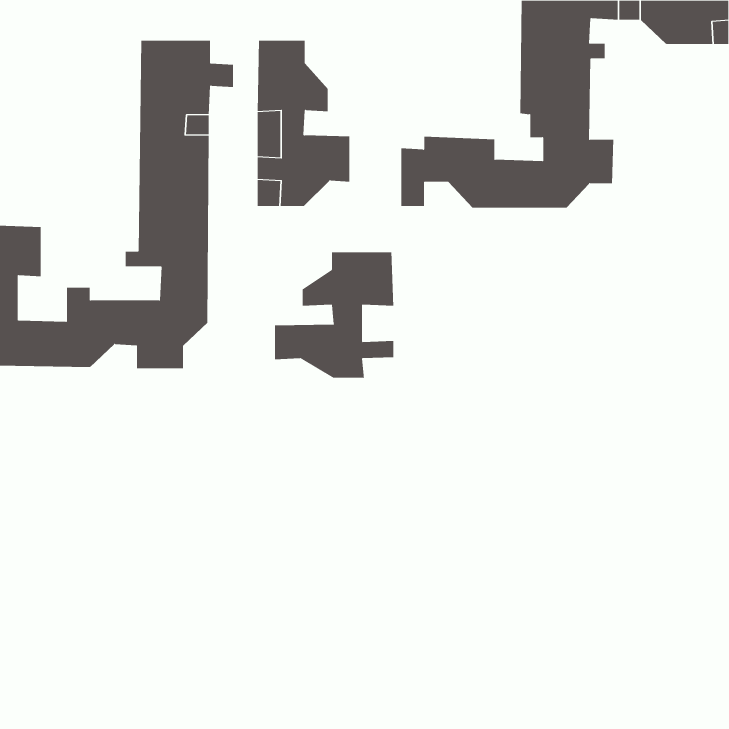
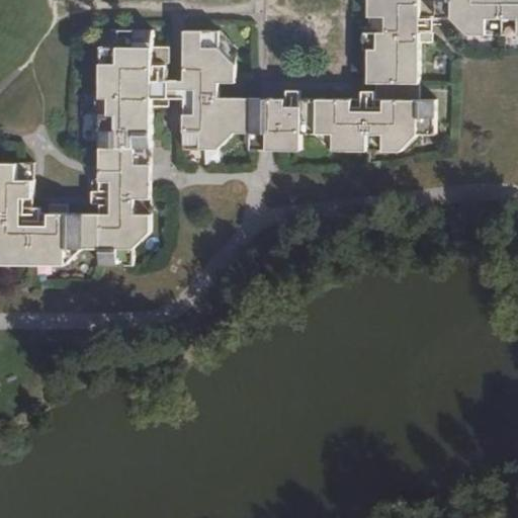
building: none -> [247,99,282,150]
building: [274,252,394,379] -> none

